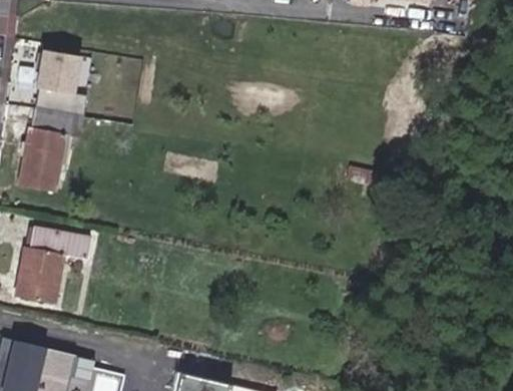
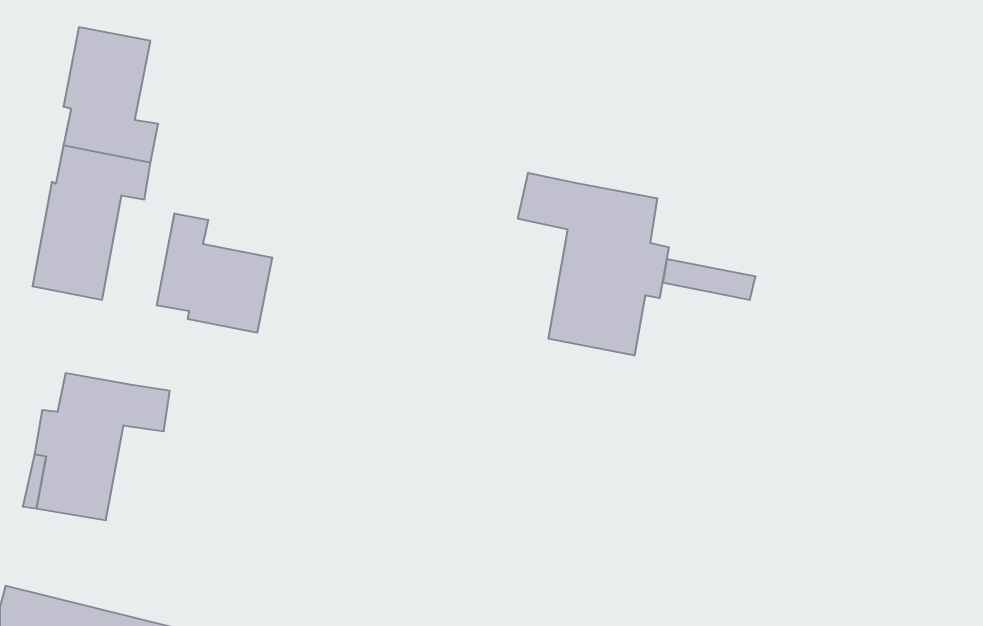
building: none -> [518,173,669,356]
building: none -> [157,213,272,333]

